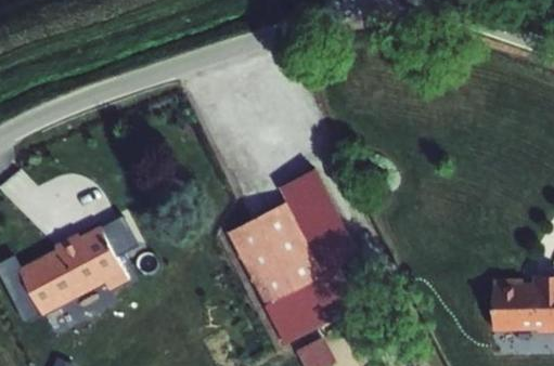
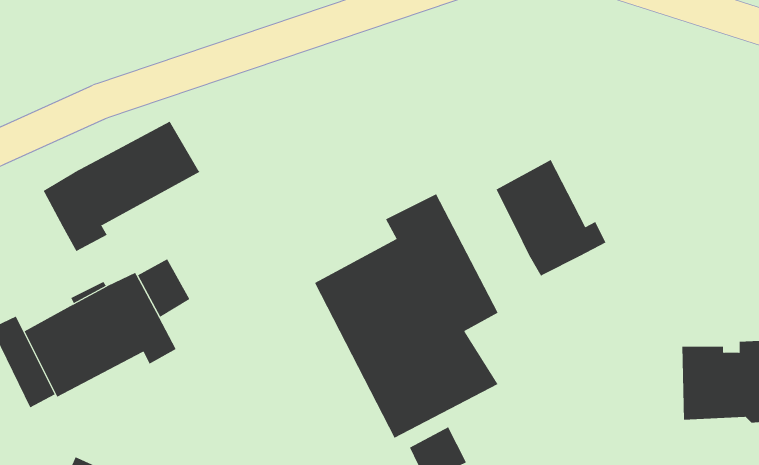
building: none -> [43,121,200,252]
building: none -> [496,159,606,276]

